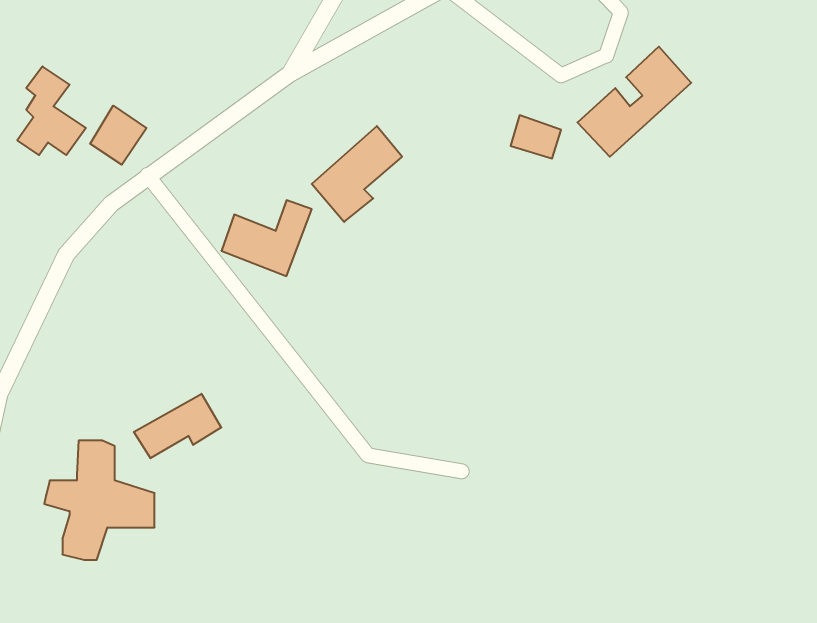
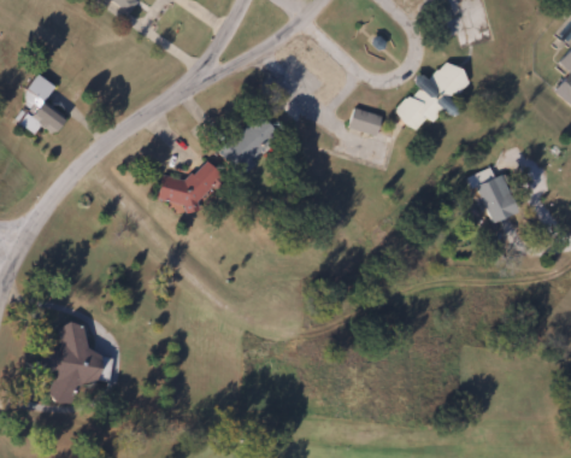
building: [90,106,146,165] -> none
building: none -> [477,175,518,222]
building: [134,394,221,458] -> none

